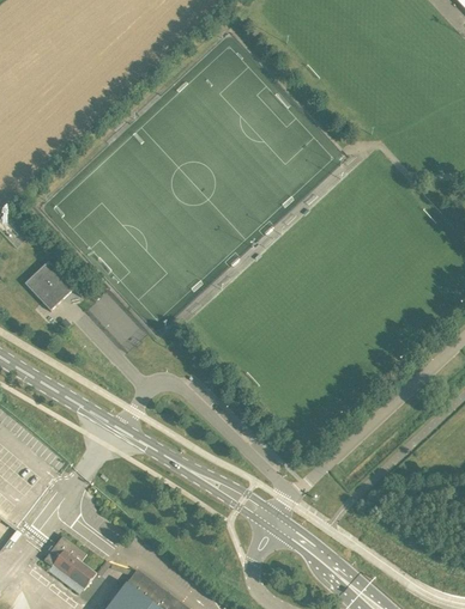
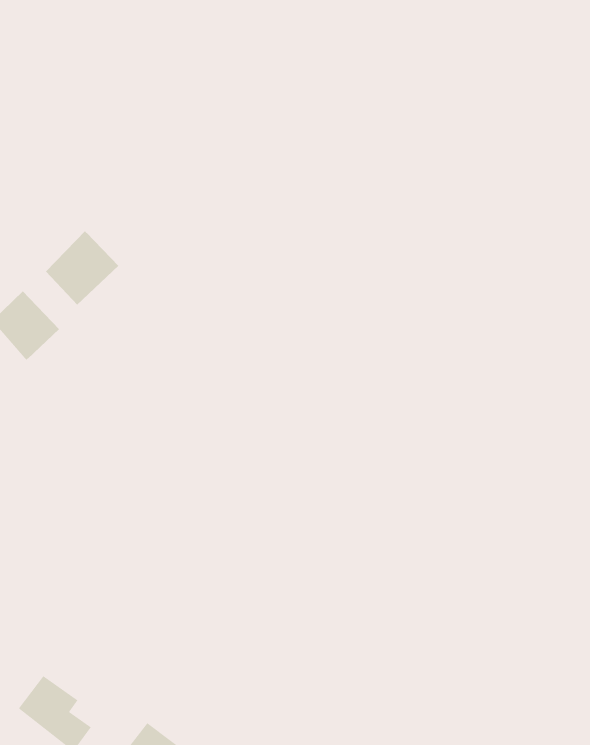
building: none -> [45,230,119,305]

